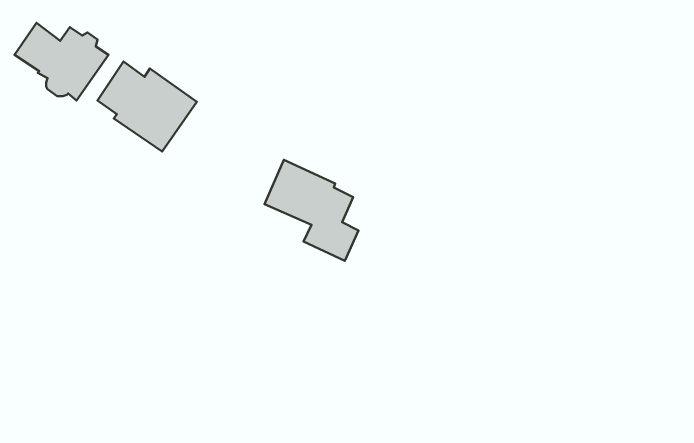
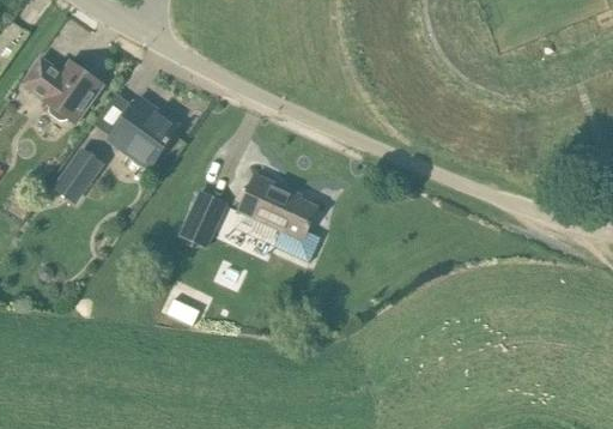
building: none -> [51,146,104,204]
building: none -> [177,187,226,247]

